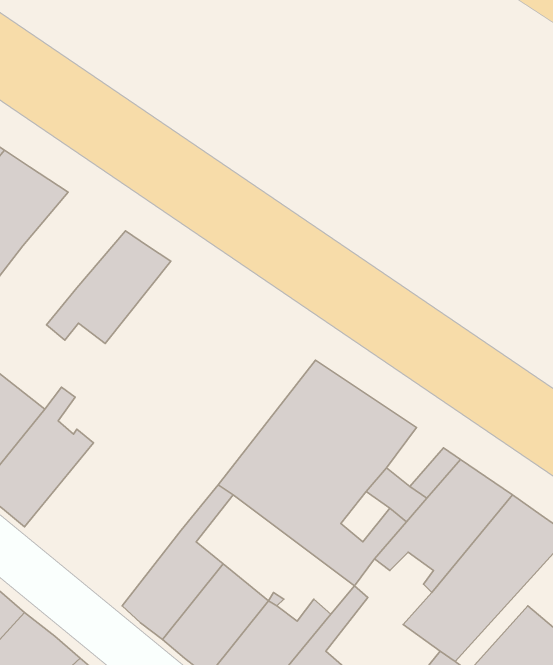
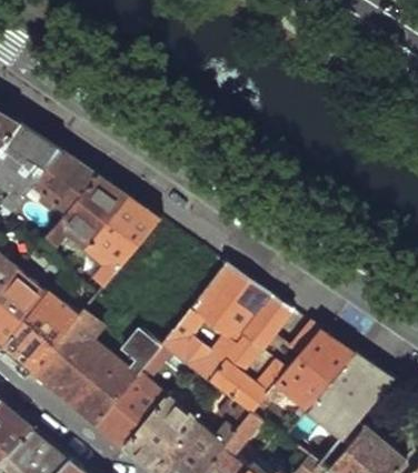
building: none -> [32,152,100,215]
building: none -> [87,198,163,285]
building: none -> [33,312,161,425]

